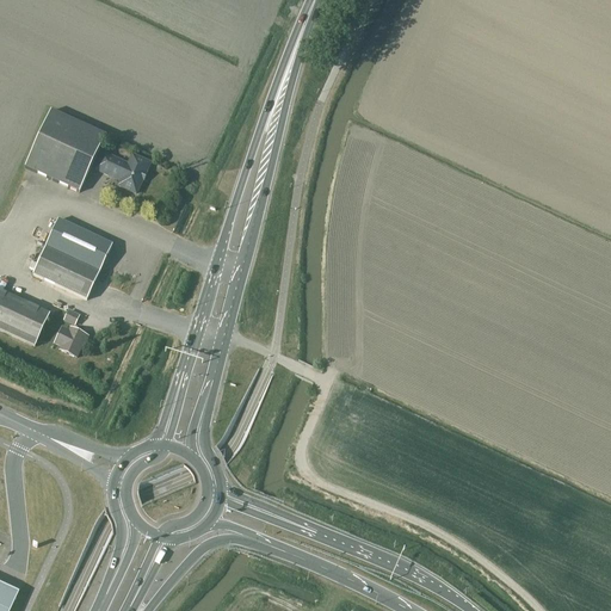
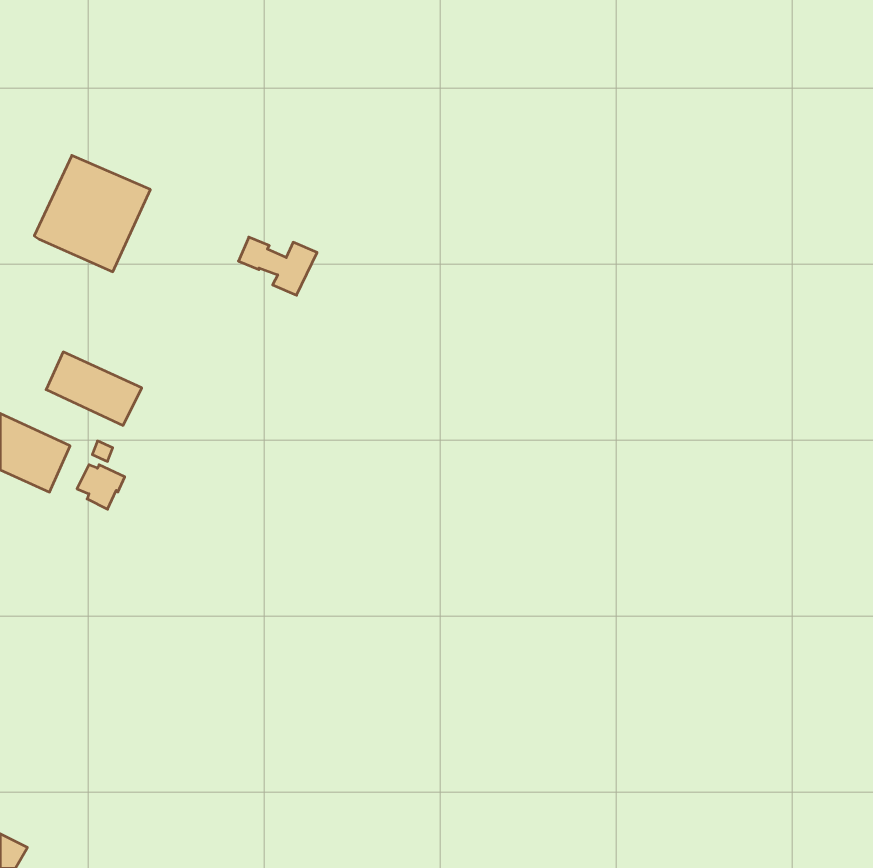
building: [94,150,149,191] -> [238,237,317,295]
building: [44,217,112,271] -> none

